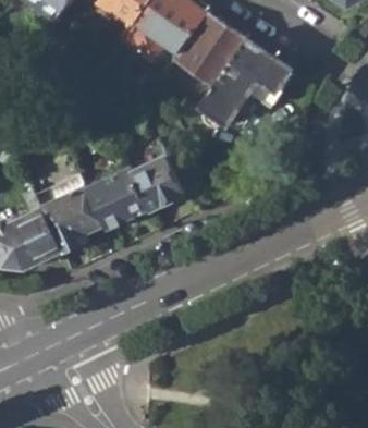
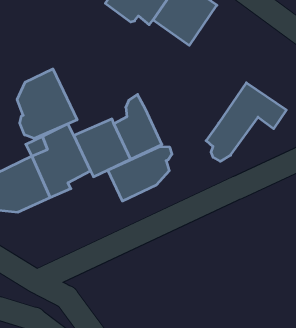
building: [200,41,290,129] -> [206,83,286,161]
building: none -> [17,69,77,139]
building: none -> [108,146,172,201]

